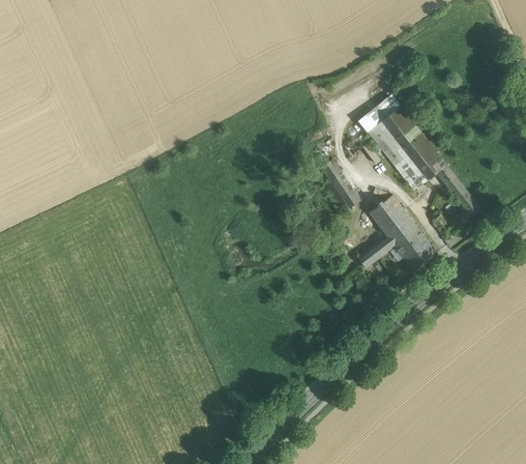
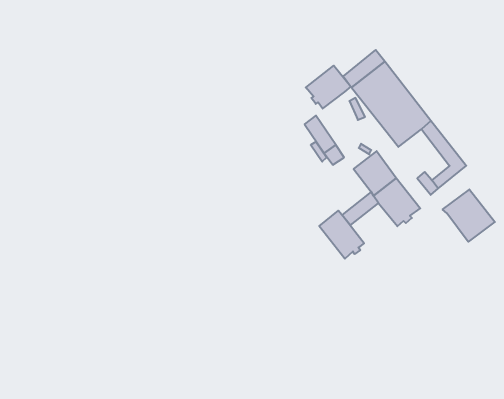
building: none -> [306,66,351,109]
building: none -> [443,189,495,242]
building: none -> [319,211,364,259]

